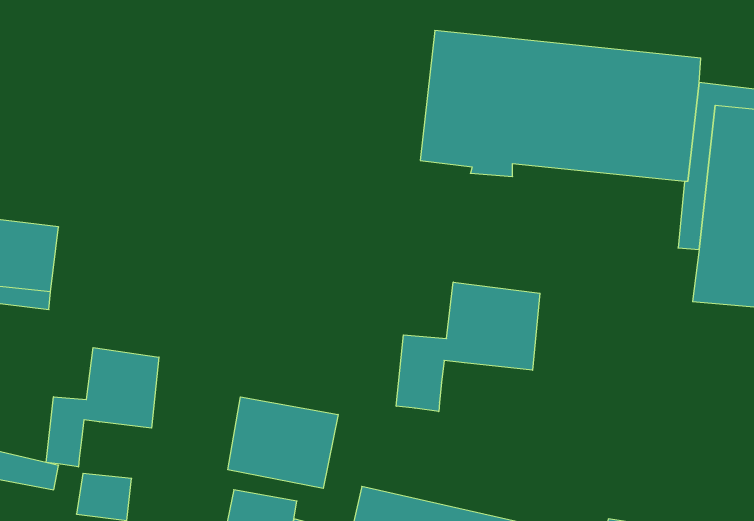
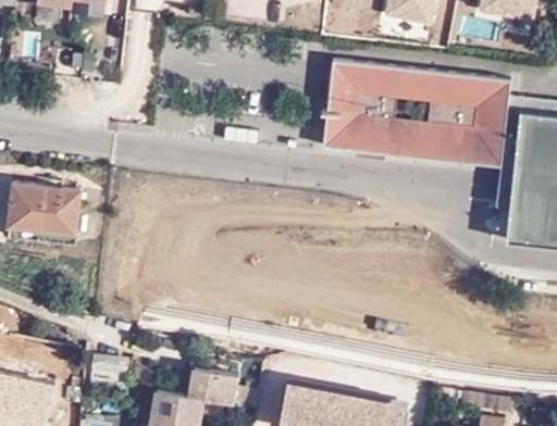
building: [396,282,540,412] -> none
building: [46,348,159,467] -> none
building: [228,397,338,488] -> none

